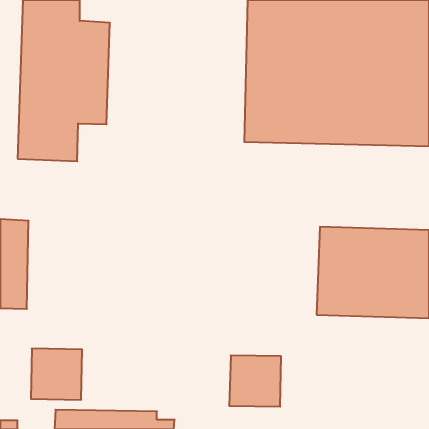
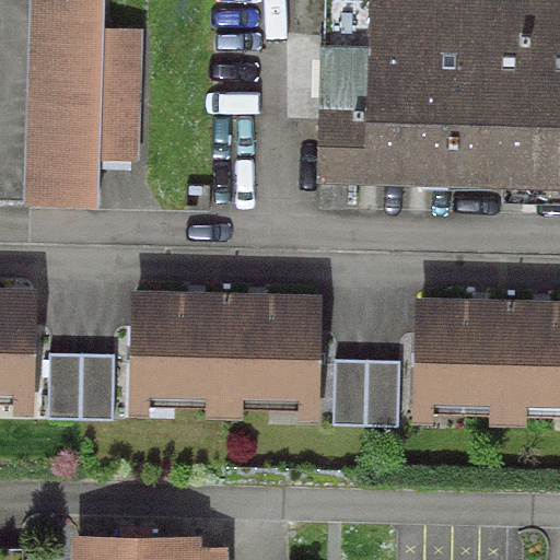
building: none -> [129,289,324,409]
building: [31,349,82,400] -> [47,352,114,419]
building: [229,355,281,407] -> [332,359,400,425]

